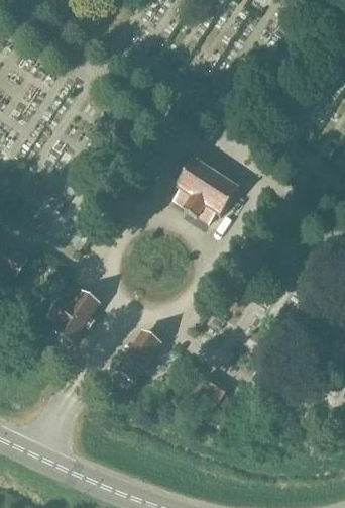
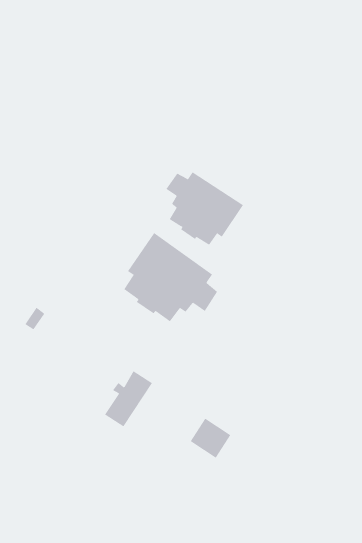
building: none -> [123,232,218,322]
building: [49,291,98,340] -> none

